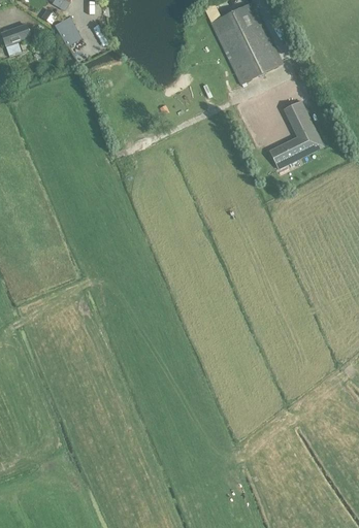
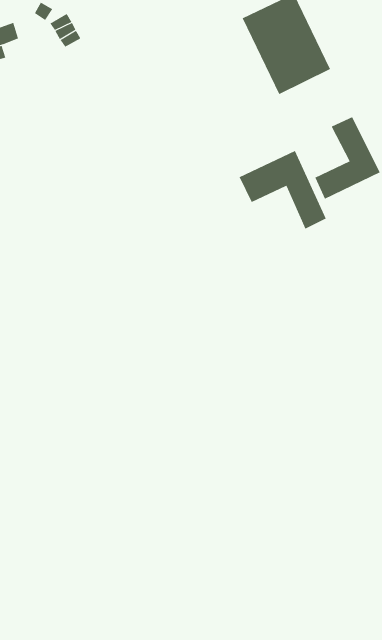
building: none -> [239,150,327,229]

